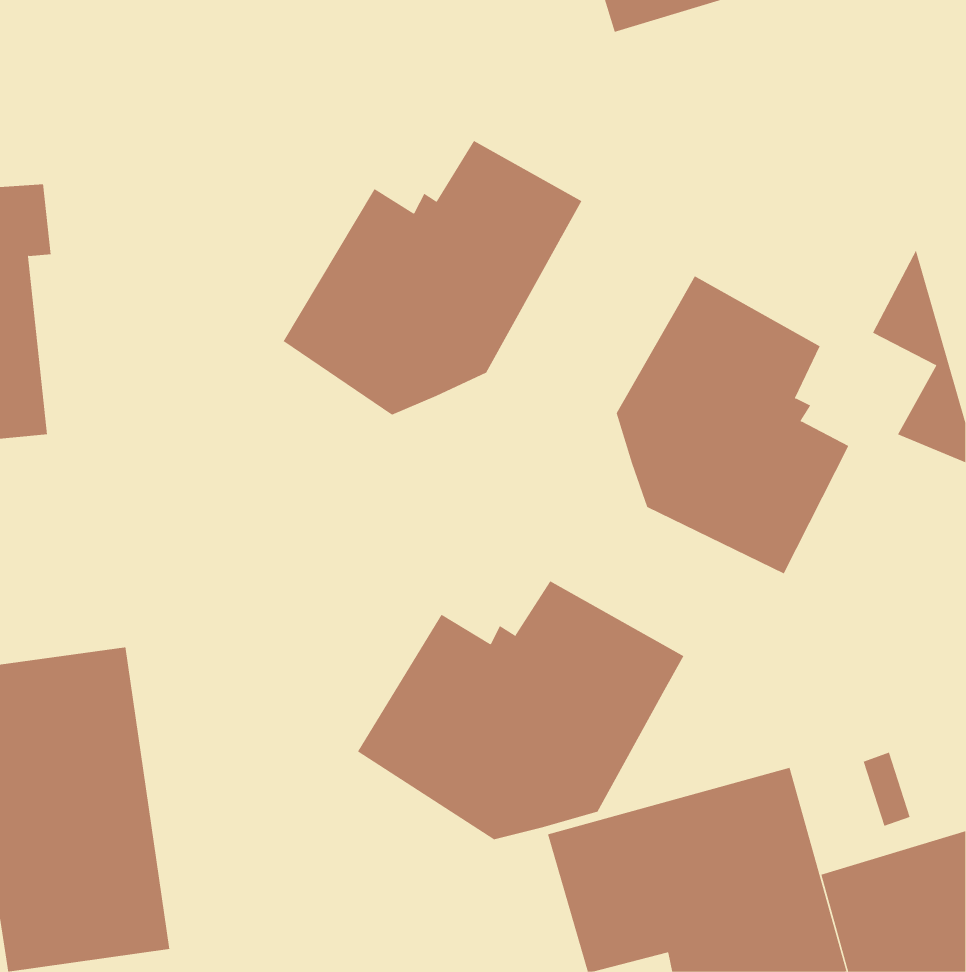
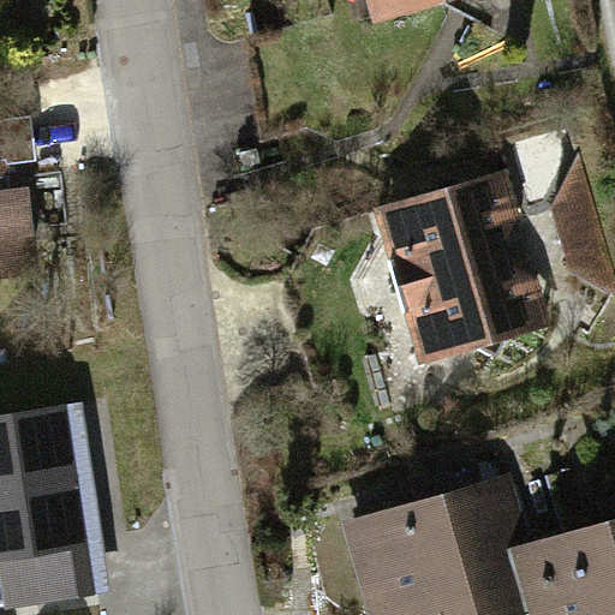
building: [283,140,582,415] -> none
building: [357,581,684,840] -> none

